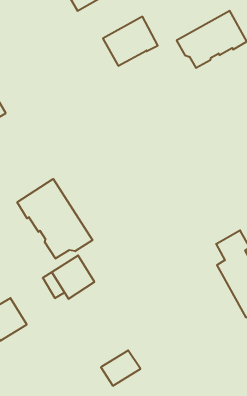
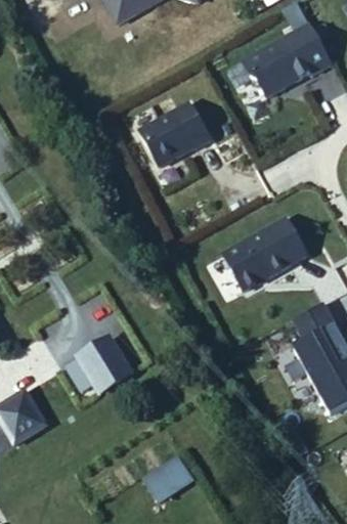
building: [103,17,158,66] -> [137,104,207,167]
building: none -> [220,219,303,291]
building: [17,179,92,259] -> none

